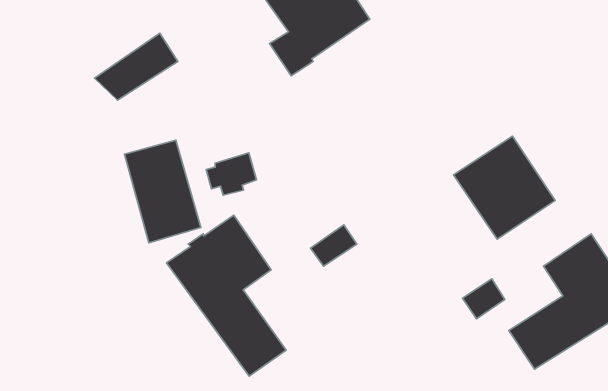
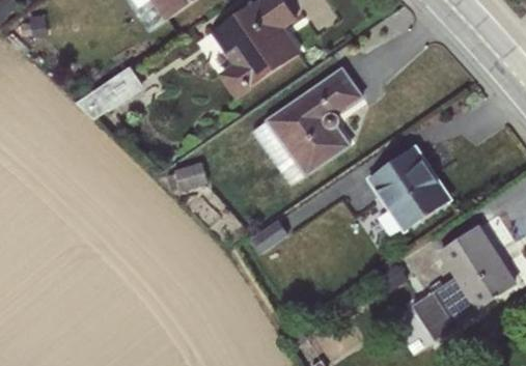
building: none -> [252,66,362,184]
building: [124,140,201,243] -> none
building: [166,215,286,376] -> none

